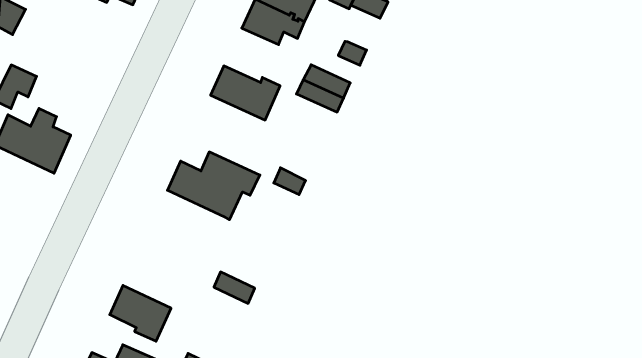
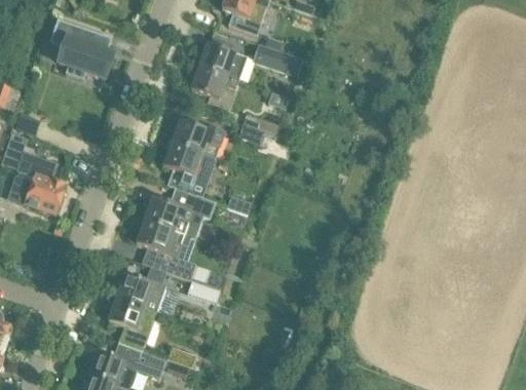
building: none -> [162,143,215,201]
building: none -> [136,220,194,278]
building: none -> [116,274,165,311]

